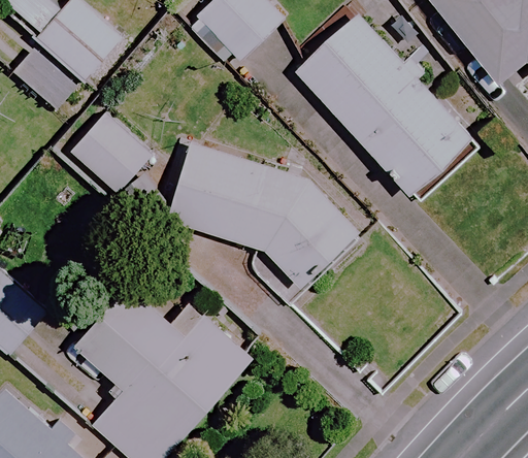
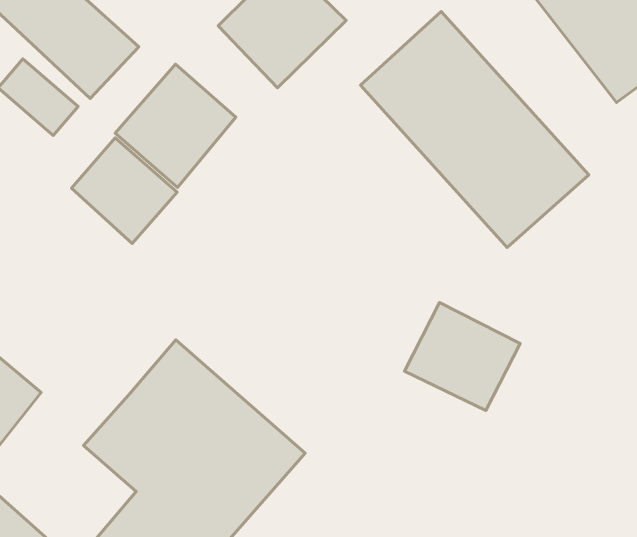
building: none -> [115,64,236,188]
building: [164,139,353,287] -> none
building: none -> [404,303,520,410]

